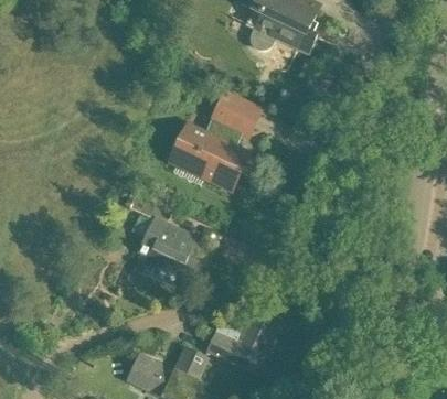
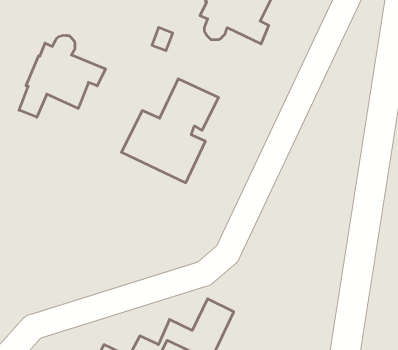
building: none -> [19,35,105,117]
building: [128,193,205,289] -> none

